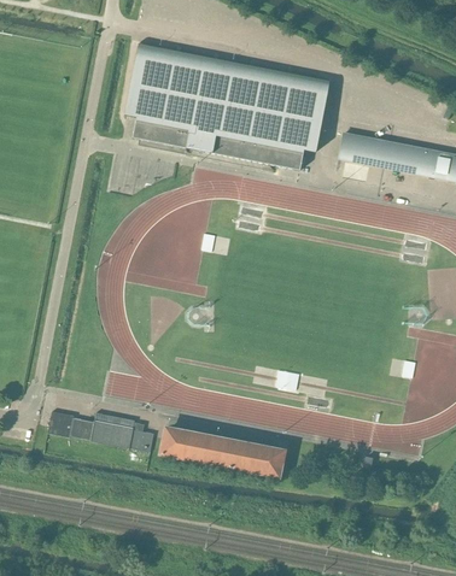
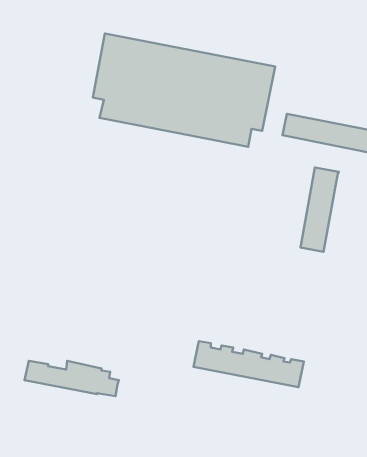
building: none -> [301,167,339,252]
building: [160,424,285,476] -> [194,341,304,387]

